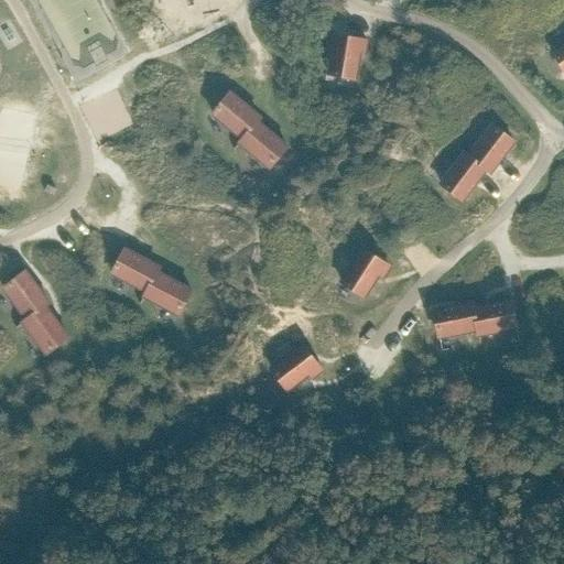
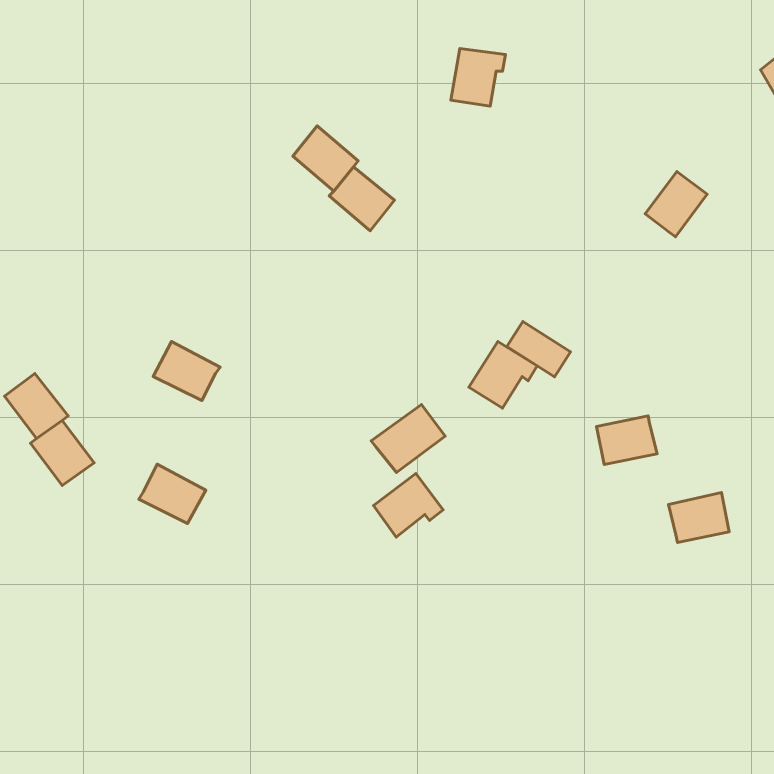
building: [442,153,487,202] -> none
building: none -> [507,322,570,377]
building: [144,272,193,315] -> [139,464,206,523]
building: none -> [371,405,445,473]
building: [473,300,517,336] -> [668,492,729,543]

